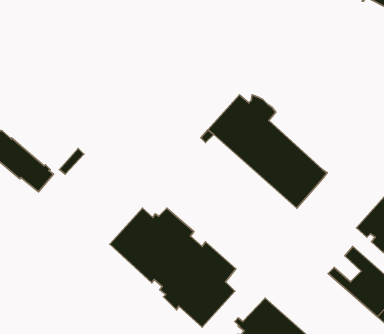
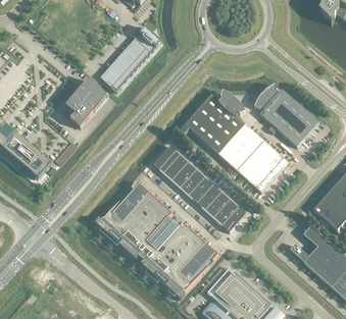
building: none -> [100,26,161,91]
building: none -> [65,78,107,127]
building: none -> [255,85,318,146]
building: none -> [153,145,246,231]

